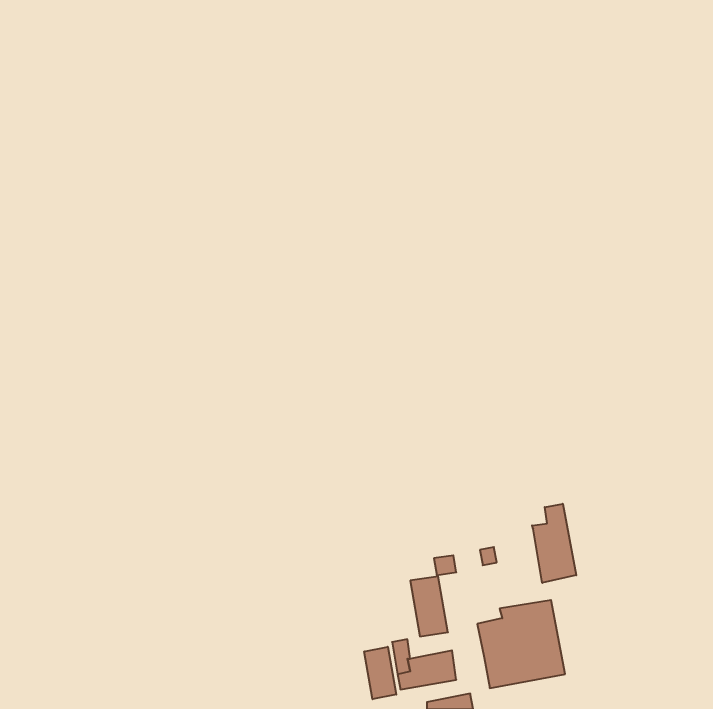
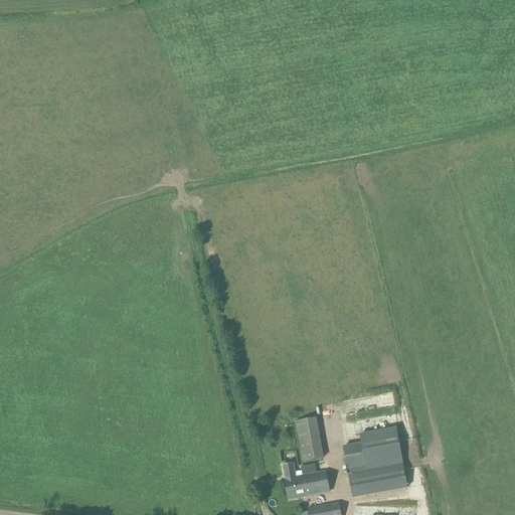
building: [532,504,576,583] -> none
building: [364,647,396,699] -> none

